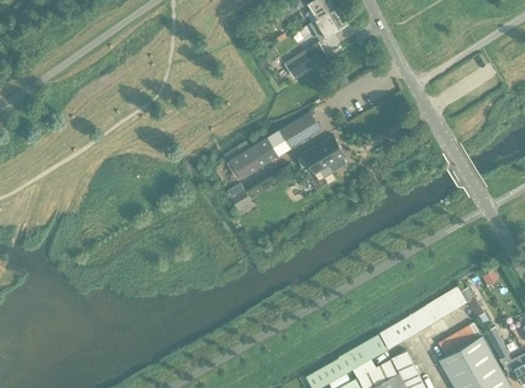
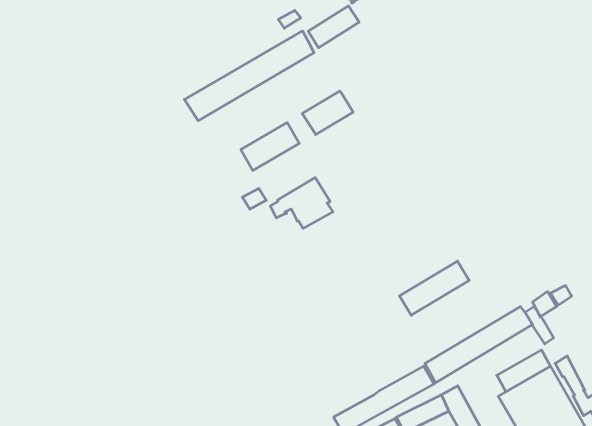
building: none -> [184,31,314,121]
building: [296,135,347,176] -> [270,178,333,228]
building: none -> [399,261,469,315]

